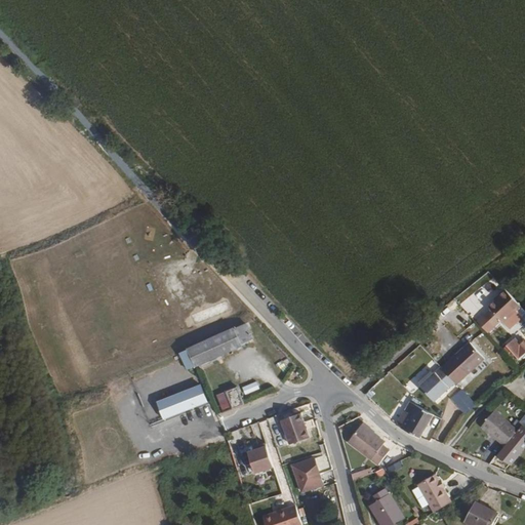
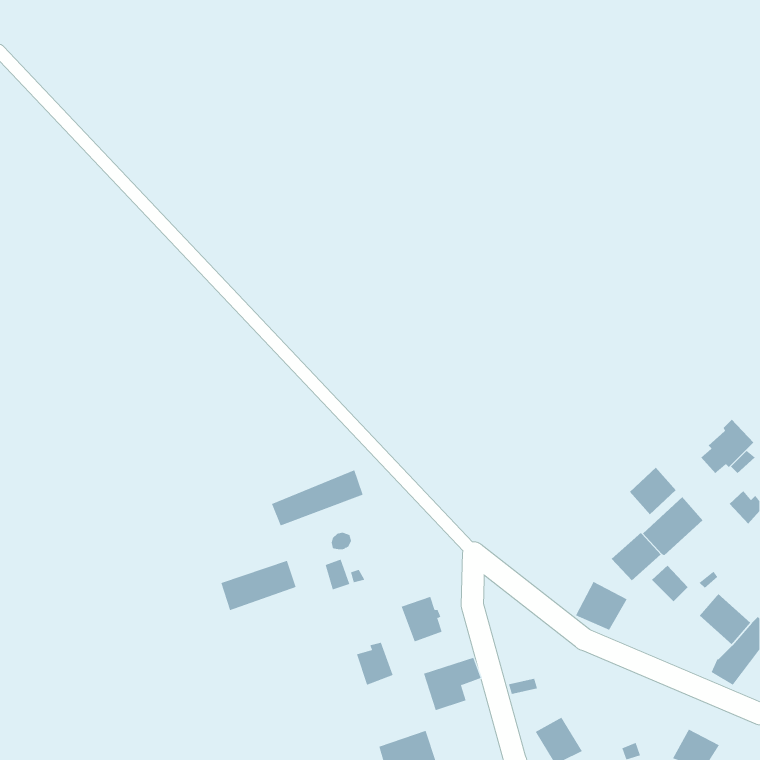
building: none -> [629,467,677,515]
building: [347,422,388,463] -> none
building: [416,473,449,511] -> none

